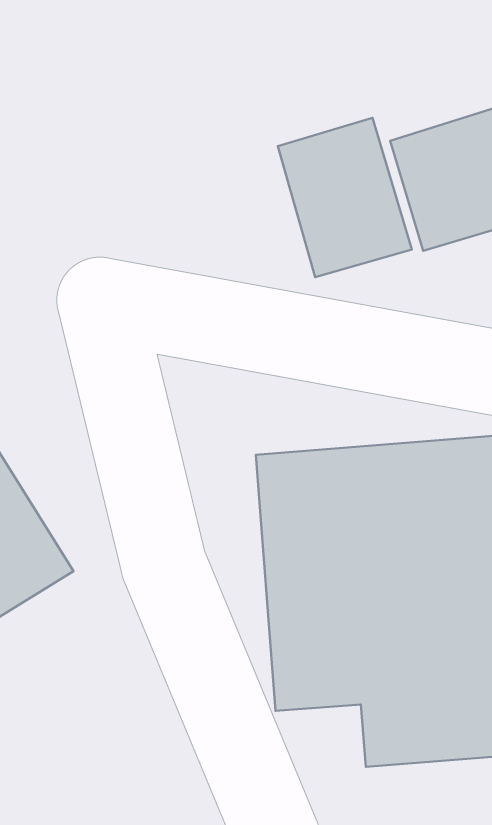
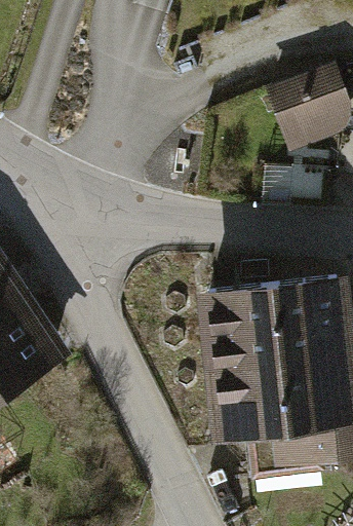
building: [278,118,412,277] -> none

